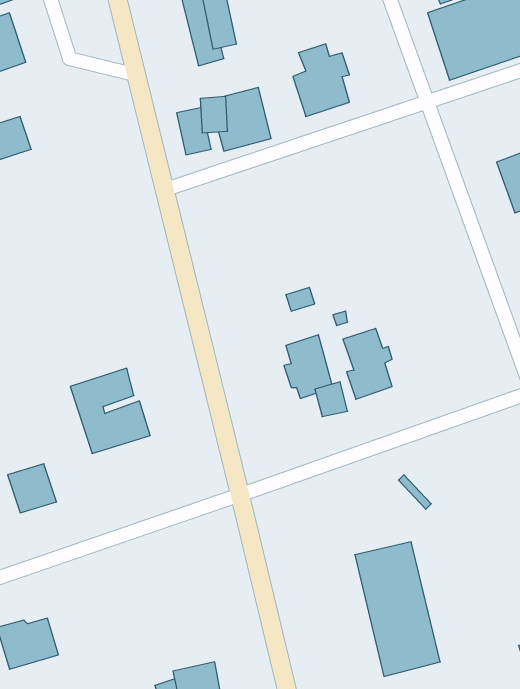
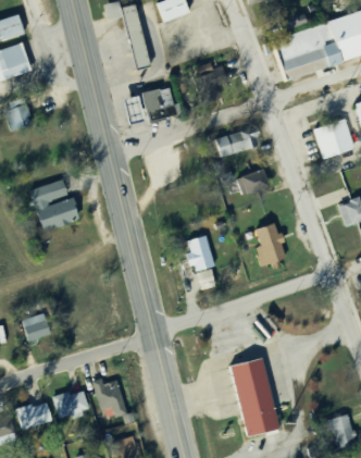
building: none -> [212,126,257,157]
building: none -> [237,168,271,197]
building: [343,328,392,399] -> [256,222,285,264]
building: [70,368,150,454] -> [29,177,77,228]
building: none -> [90,375,128,416]
building: none -> [52,389,89,418]

